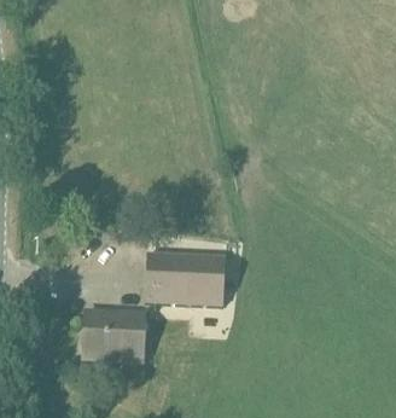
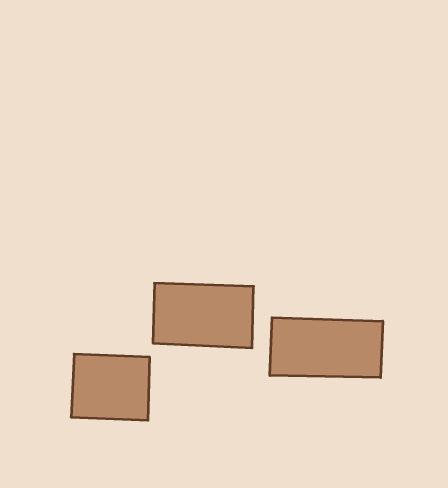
building: none -> [270,318,383,378]

